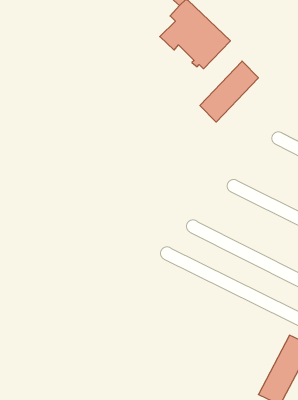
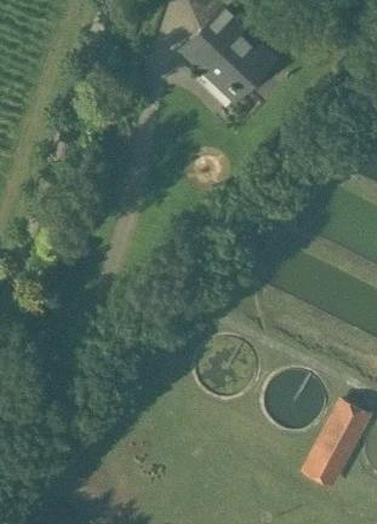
building: [200,61,258,122] -> none

